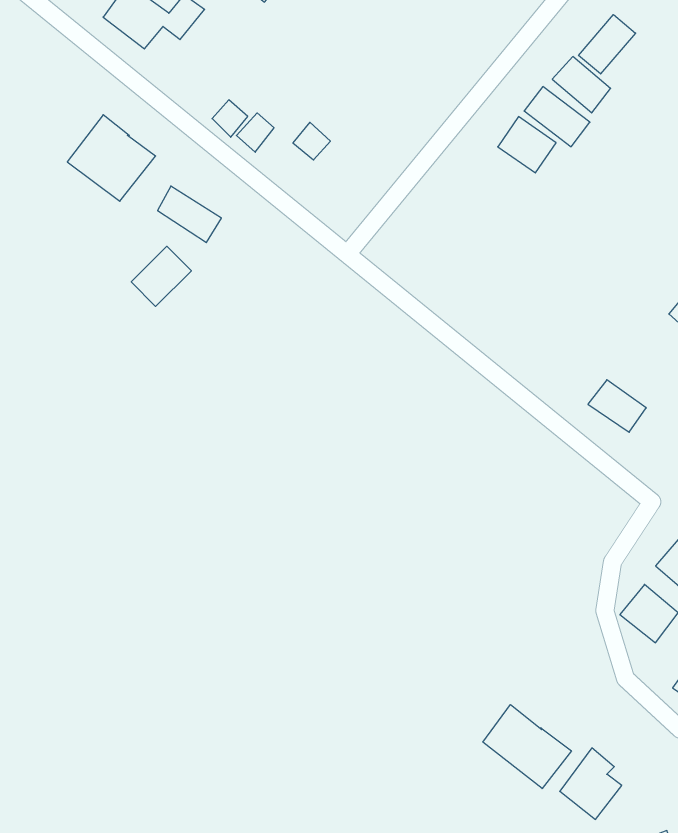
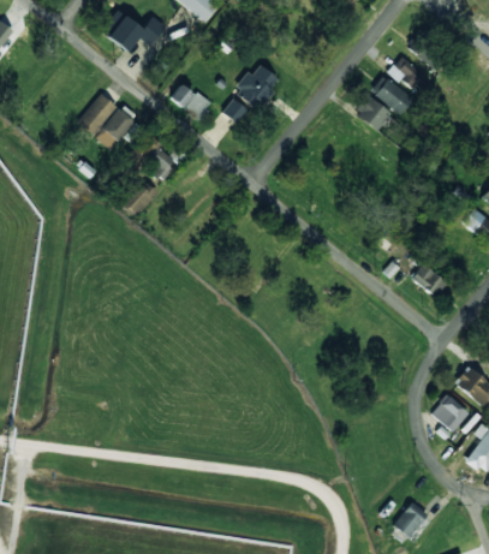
building: [579,15,636,74] -> none
building: none -> [234,65,280,108]
building: [483,705,571,789] -> none

